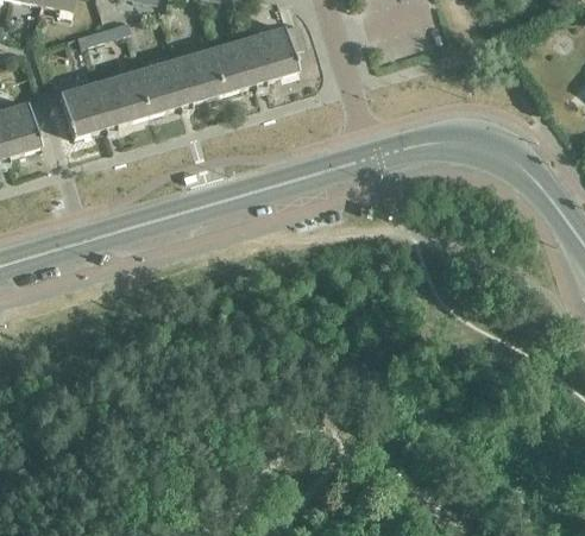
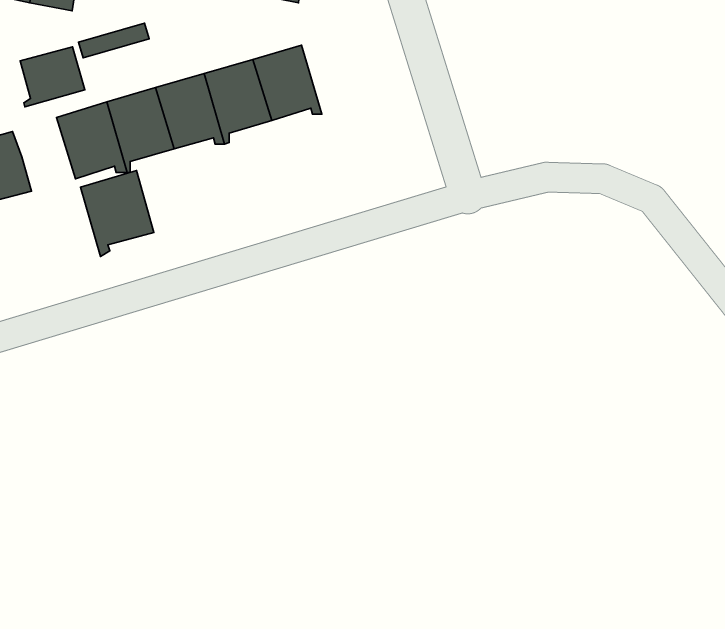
building: [245,24,304,89] -> none
building: none -> [20,47,85,107]
building: none -> [81,171,154,256]

